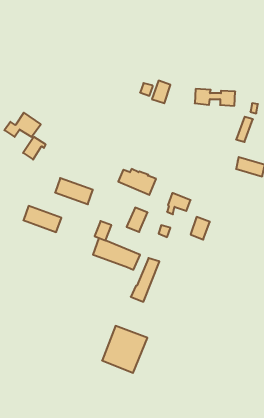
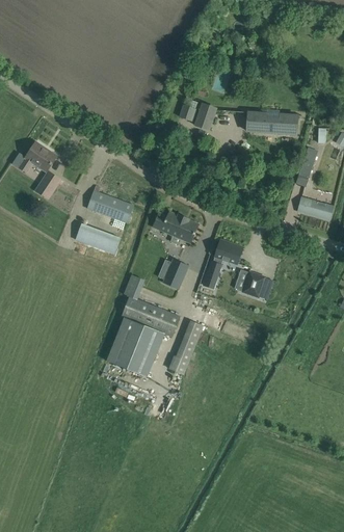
building: [23,206,61,232] -> [86,190,133,222]
building: [102,326,147,373] -> [107,318,163,376]

